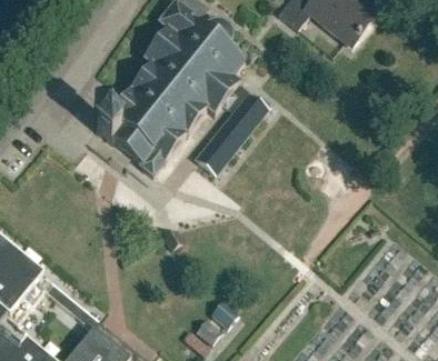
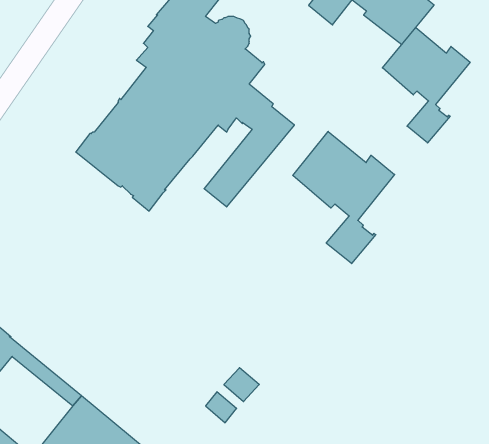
building: none -> [382,27,470,143]
building: none -> [293,131,395,264]

